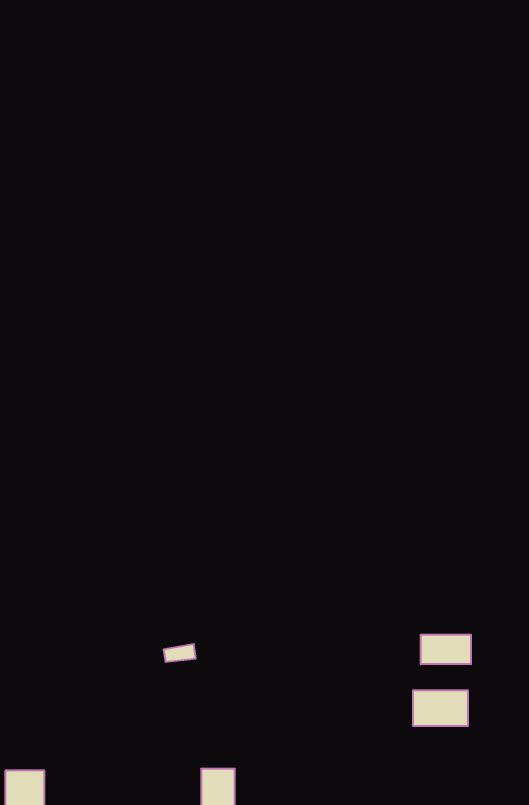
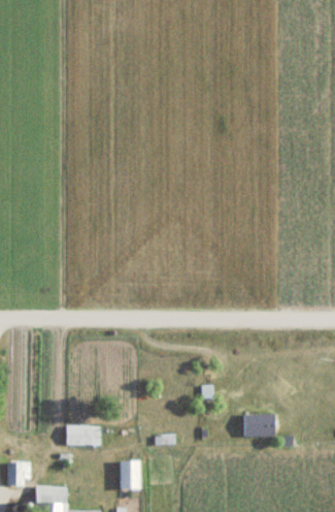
building: [421,635,471,664] -> none
building: none -> [66,425,100,445]

